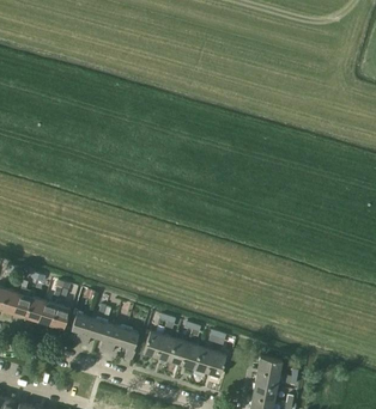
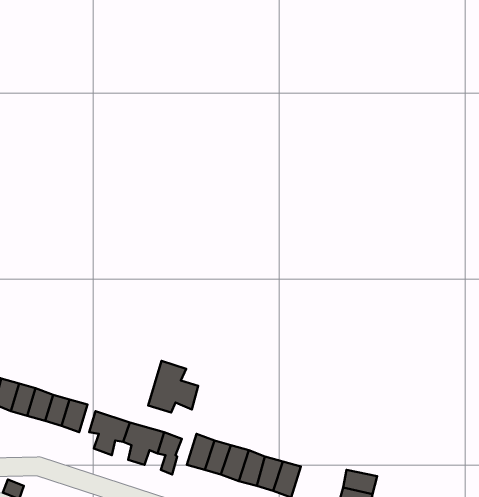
building: none -> [148,361,198,412]

